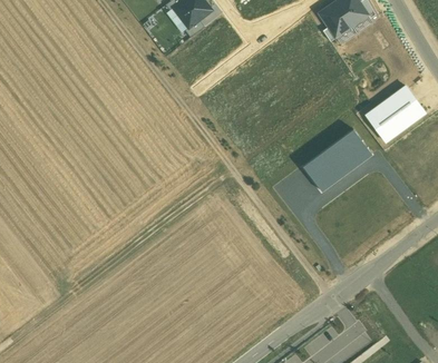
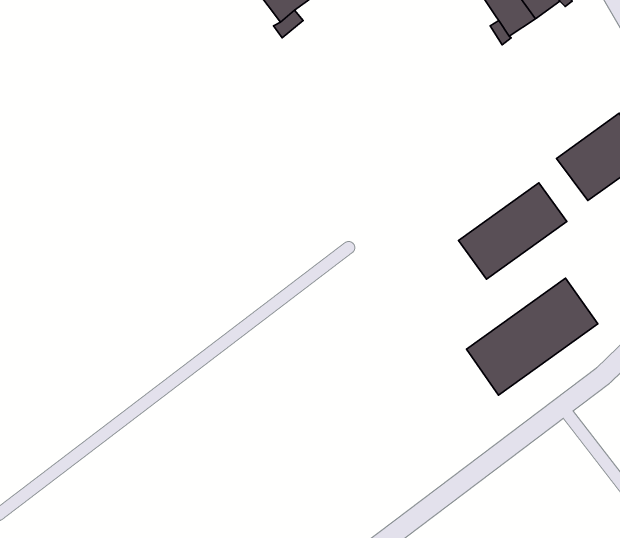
building: none -> [466,278,598,395]

